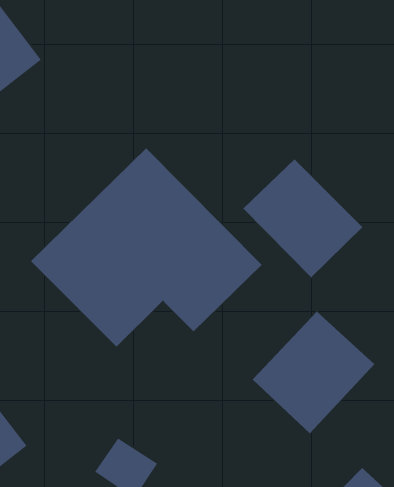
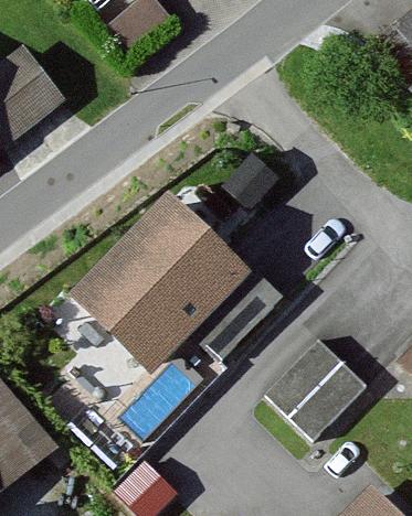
building: [243,159,363,278] -> none

